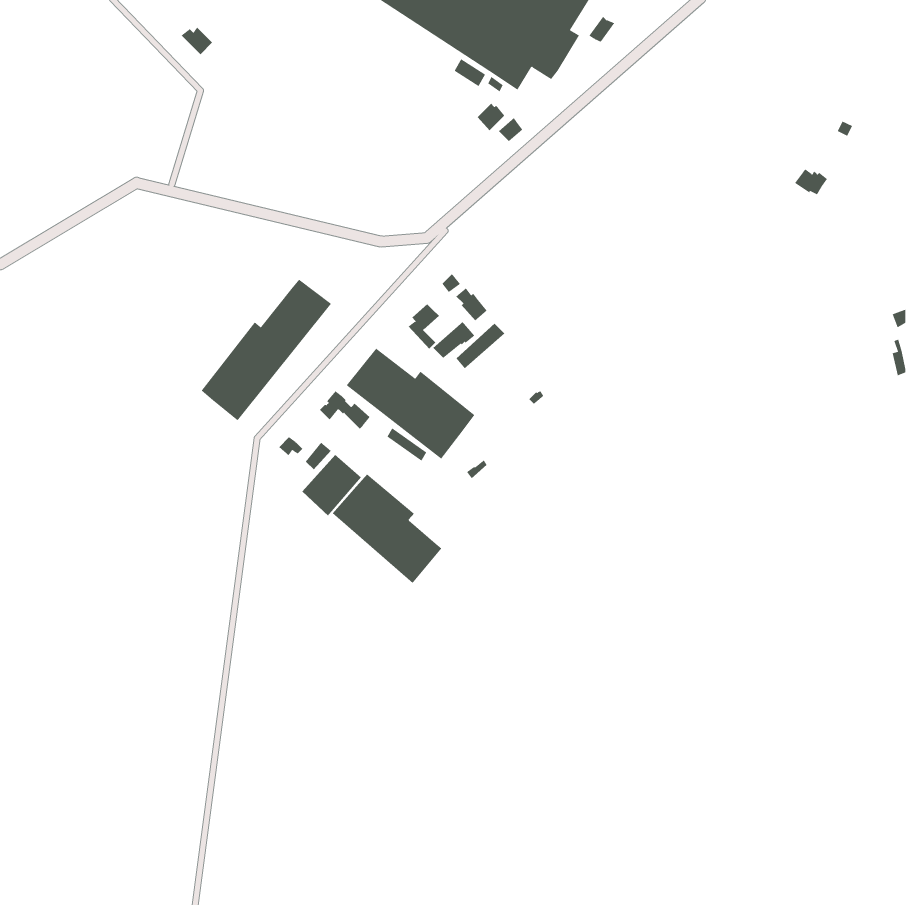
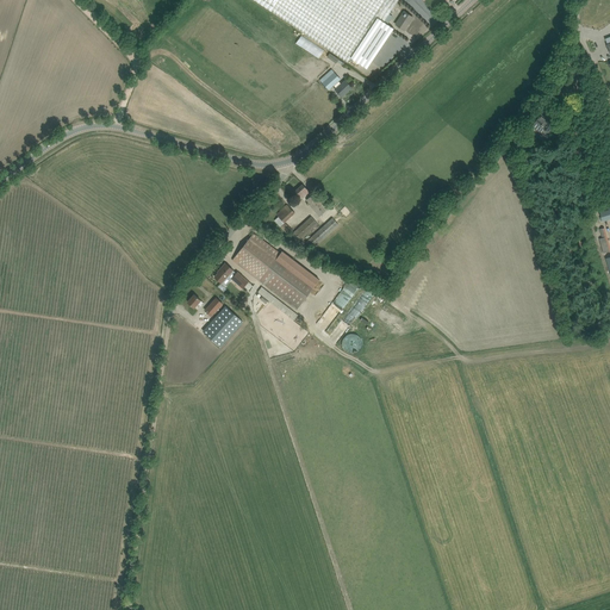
building: [201,279,332,421] -> none
building: [332,473,442,584] -> none

